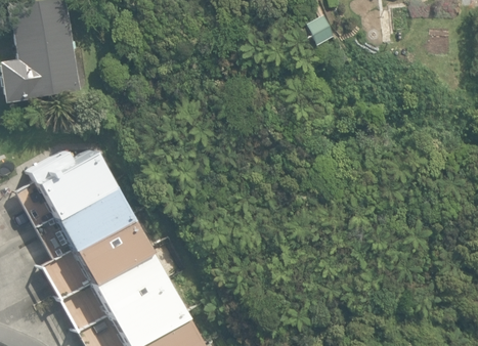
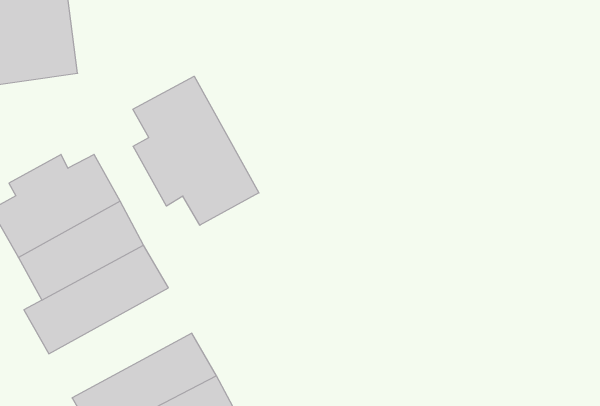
building: none -> [133,76,259,225]
building: [58,249,165,331] -> none

